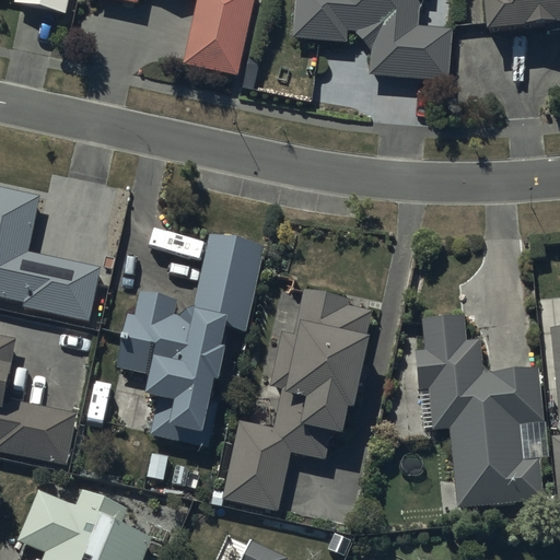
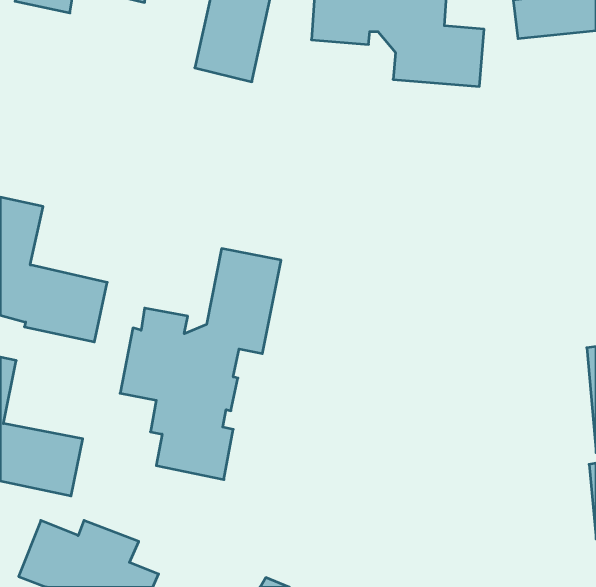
building: [221,288,374,511] -> none
building: [415,313,545,504] -> none

